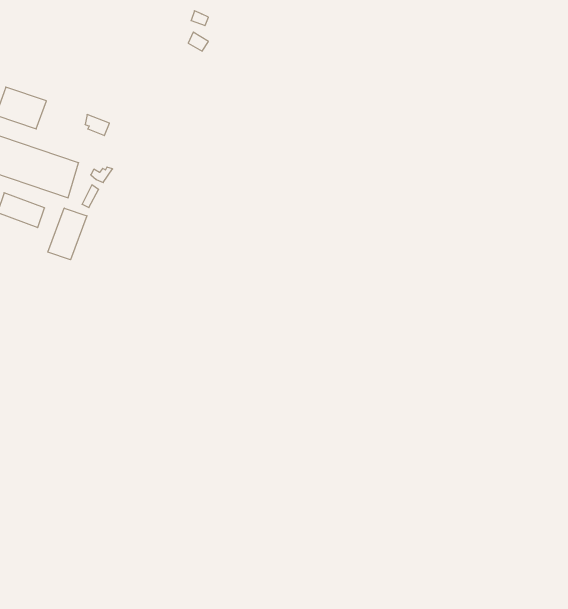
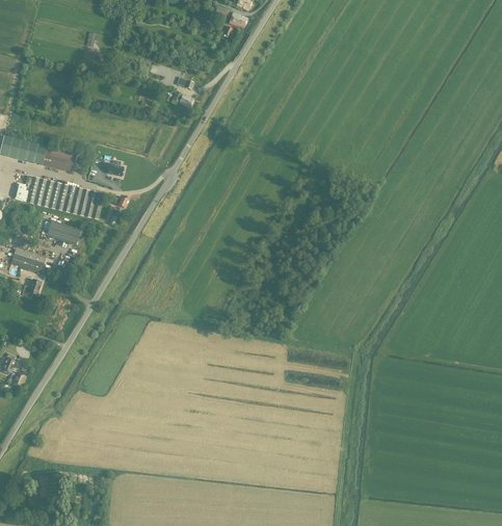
building: [48,208,87,260] -> none

